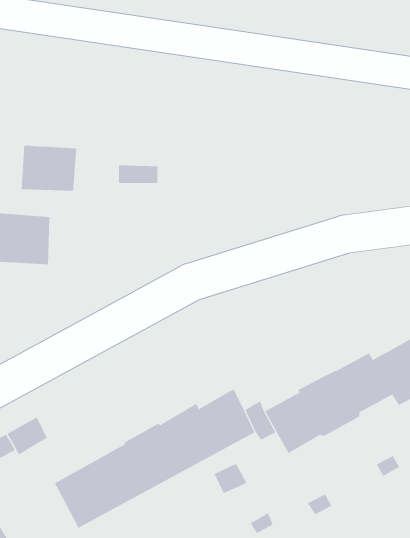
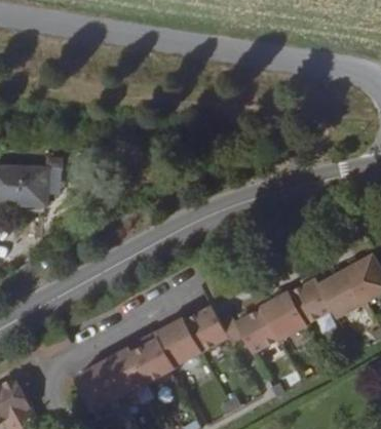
building: [21,145,77,191] -> none

